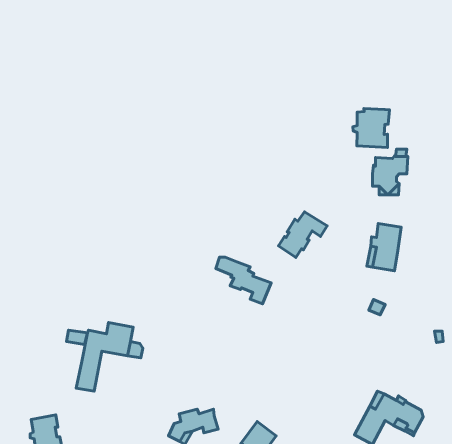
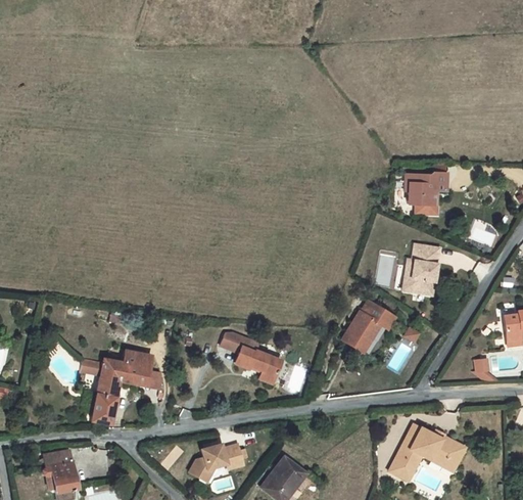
building: [353,109,389,147] -> none
building: [279,212,327,257] -> [342,303,394,352]
building: [216,257,271,304] -> [222,333,281,383]

